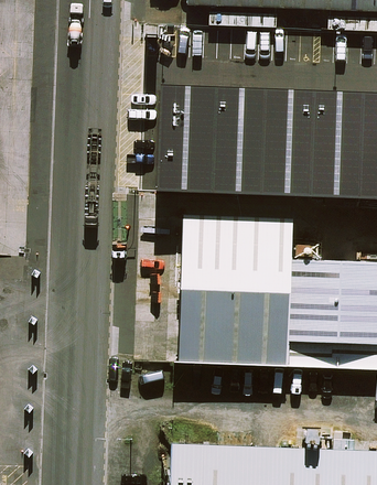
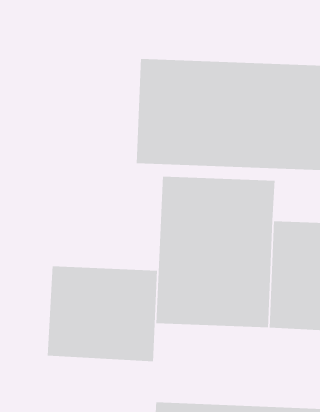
building: none -> [47,266,158,362]

